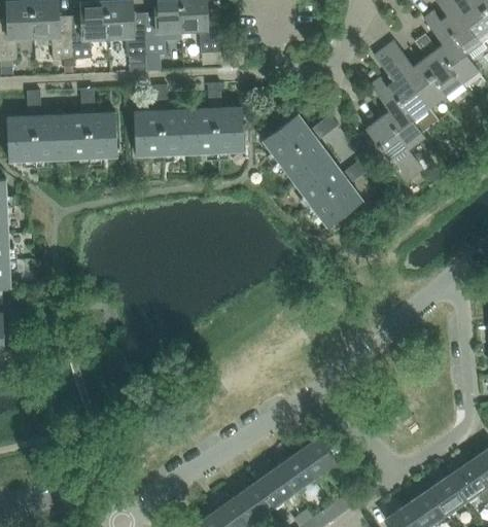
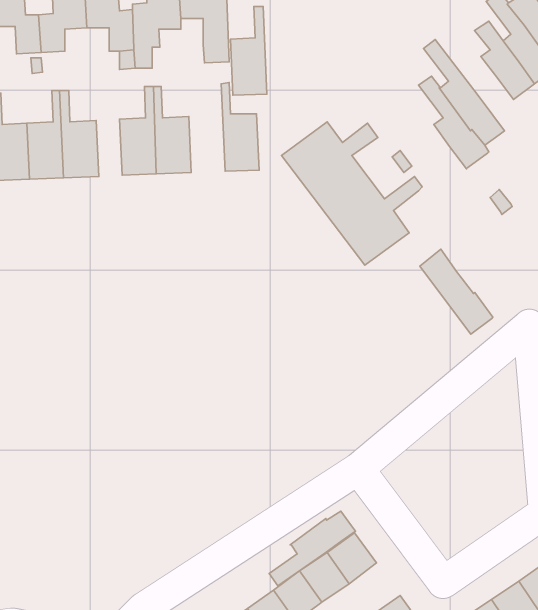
building: [383,40,445,108] -> none
building: [188,83,217,153] -> [230,7,267,95]
building: [365,115,423,182] -> [420,249,493,334]
building: none -> [269,511,355,586]

